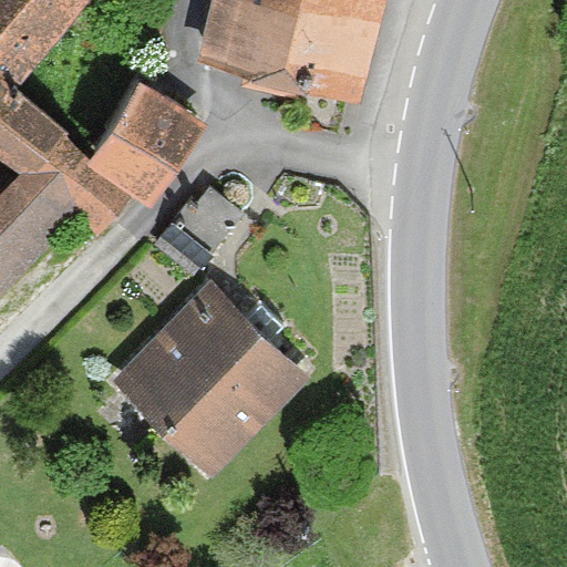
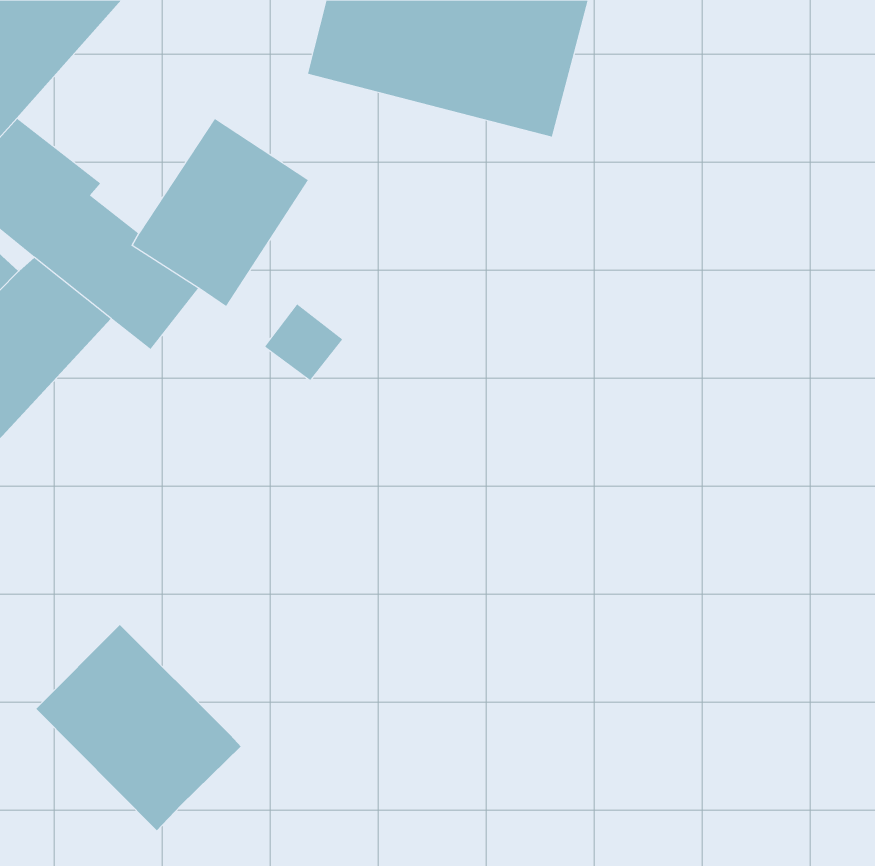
building: [113,280,308,475] -> none
building: none -> [35,624,241,831]

